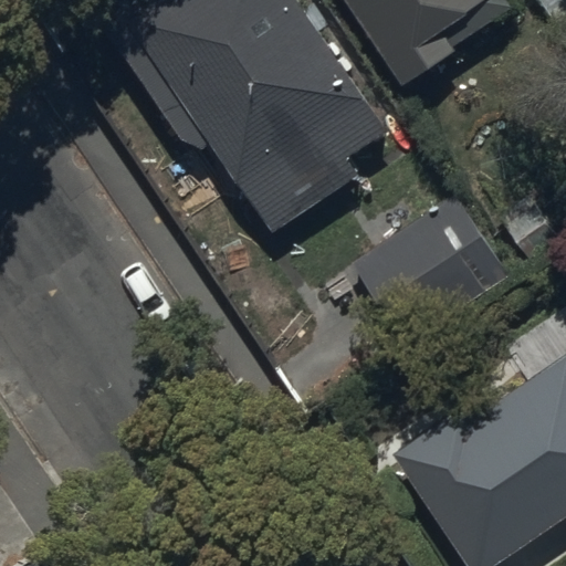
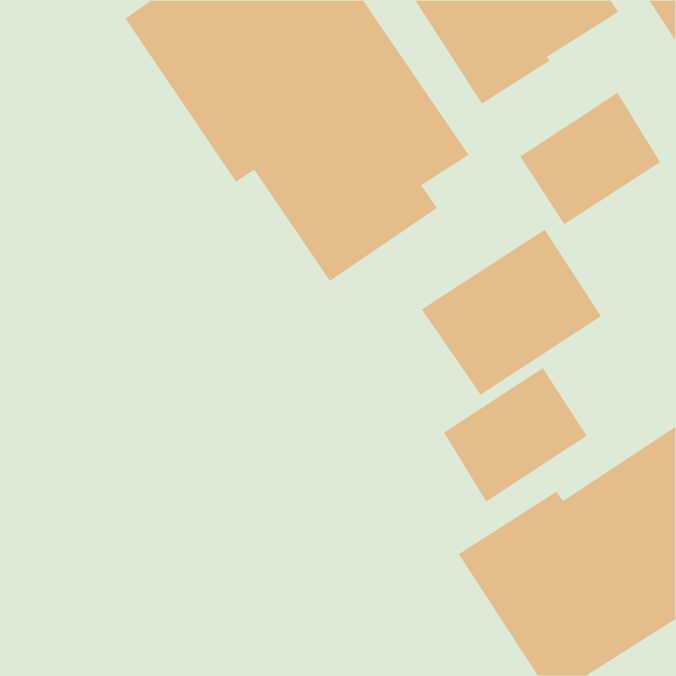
building: none -> [519,92,661,225]
building: none -> [443,367,588,502]

